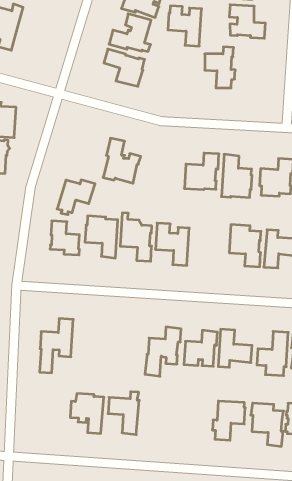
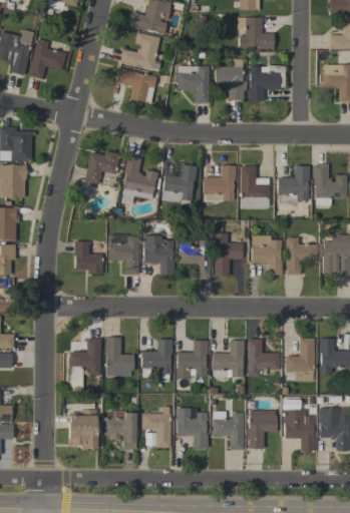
building: [168,6,202,46] -> [178,65,210,103]
building: none -> [29,39,66,79]
building: none -> [249,65,286,101]
building: none -> [161,164,198,202]
building: [57,180,95,215] -> [84,151,120,186]
building: none -> [215,232,243,277]
building: none -> [106,337,133,371]
building: none -> [141,339,172,378]
building: none -> [69,409,97,450]
building: none -> [177,408,208,447]
building: none -> [213,411,244,450]

